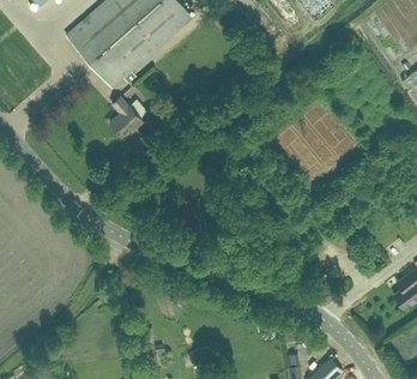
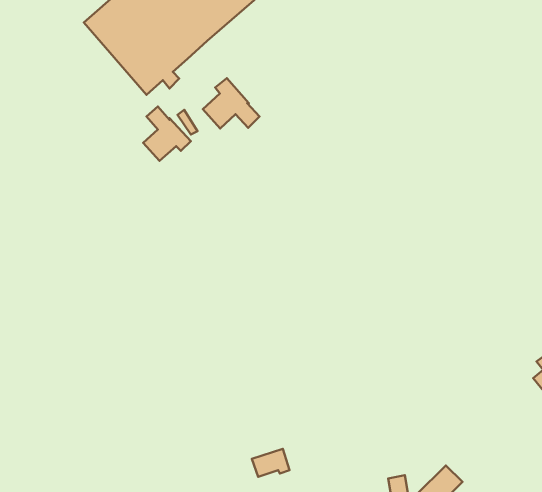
building: none -> [203,78,260,128]

